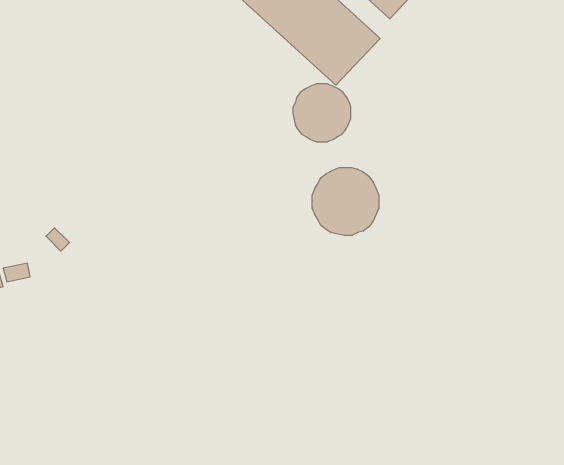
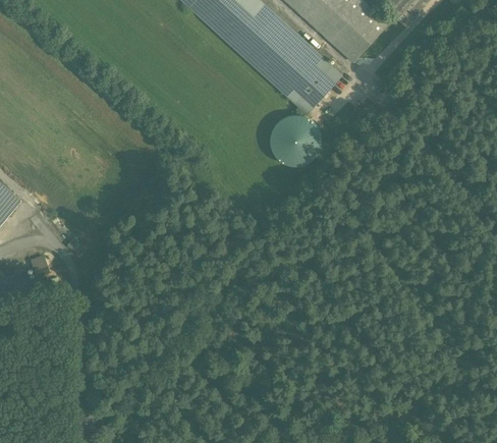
building: [312,168,379,236] -> none

